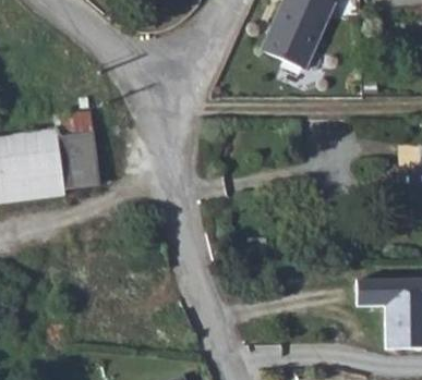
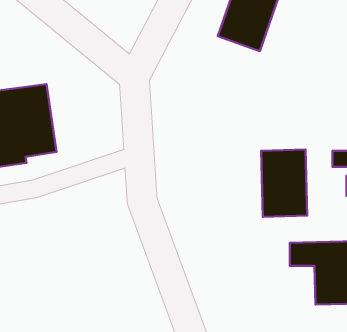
building: none -> [261,149,307,217]

